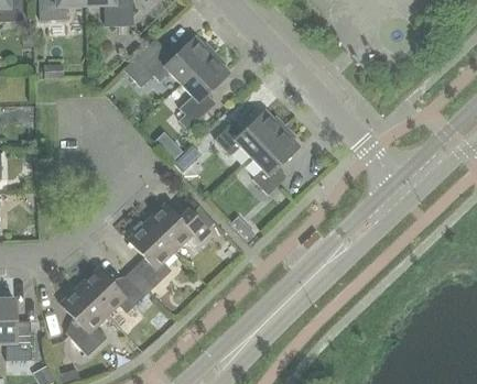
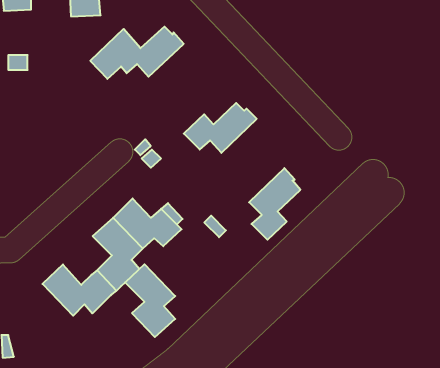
building: [178,52,229,130] -> none
building: [250,124,300,194] -> [249,168,300,240]
building: [58,284,107,354] -> [125,264,175,337]

